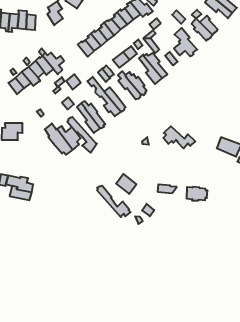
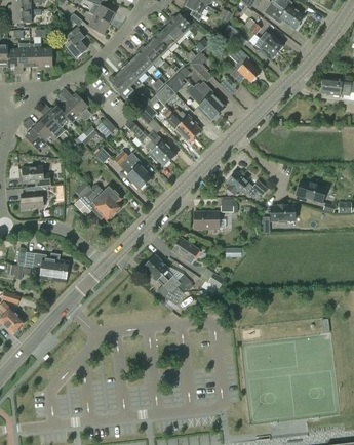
building: none -> [22,166,50,187]
building: [67,117,97,153] -> [143,261,183,305]
building: none -> [194,211,219,229]
building: [187,187,208,201] -> [270,205,297,222]

